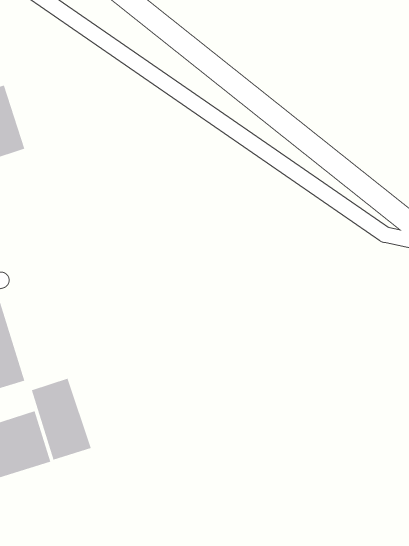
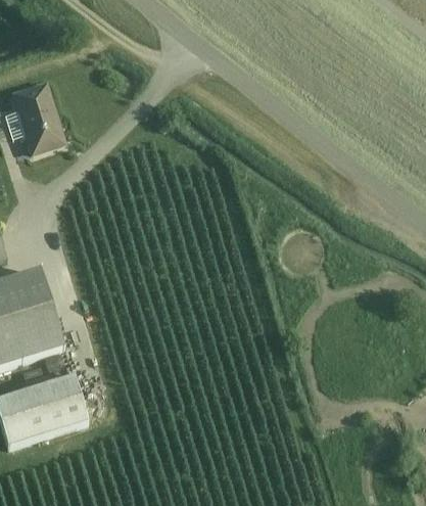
building: [31,378,91,460] -> none

